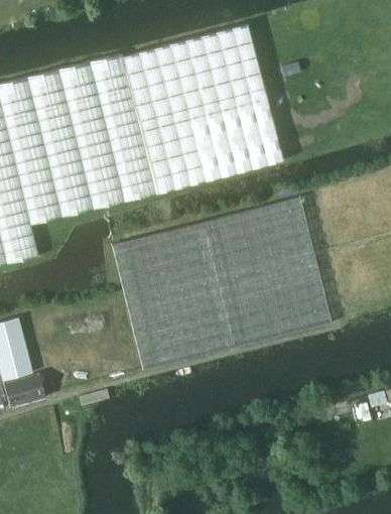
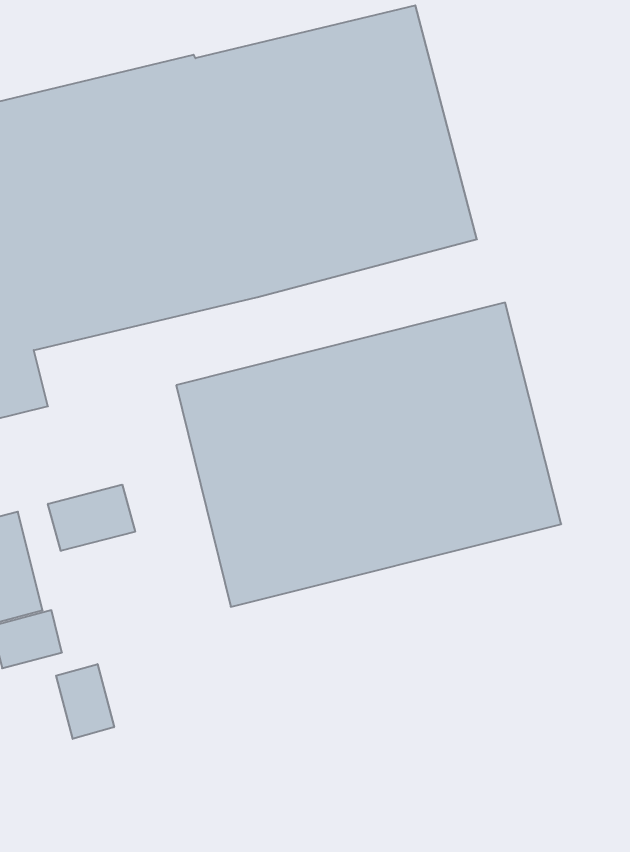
building: none -> [48,485,135,551]
building: none -> [56,664,114,739]

